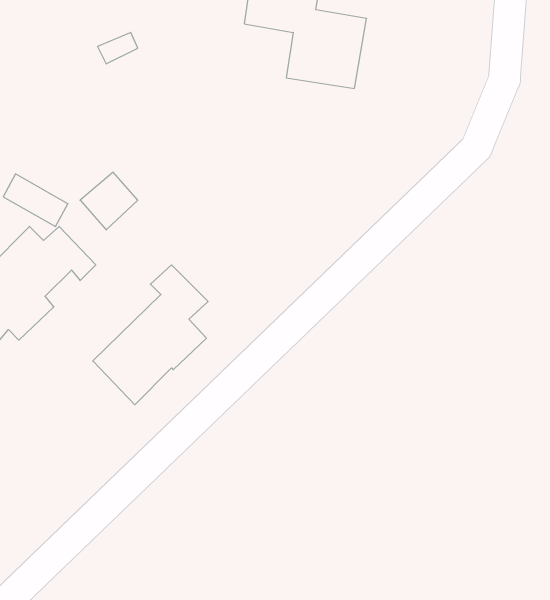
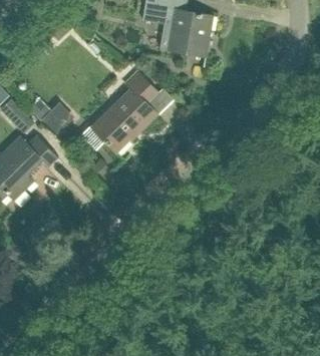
building: [93,265,208,405] -> [91,71,157,151]

